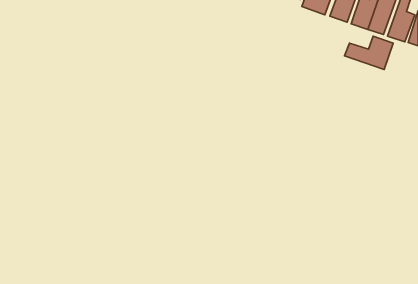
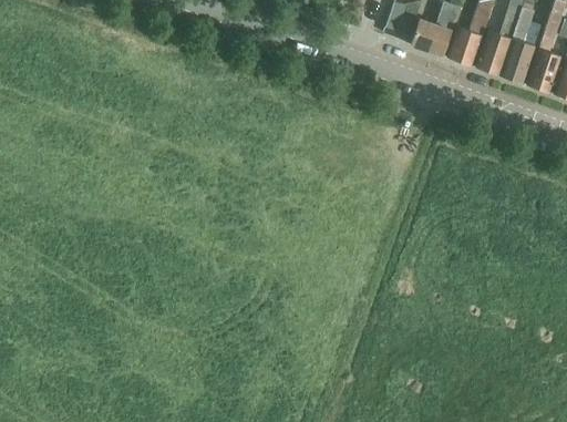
building: [344,36,393,69] -> none

